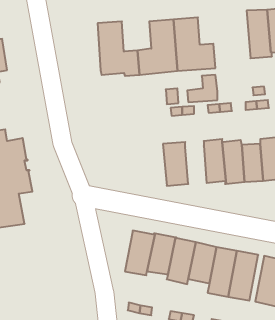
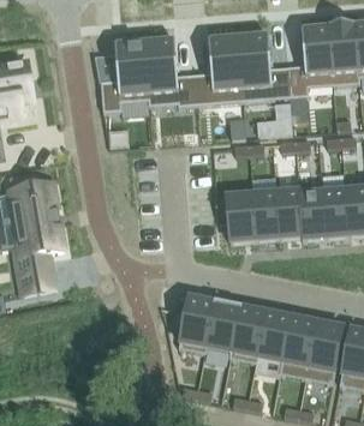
building: none -> [287,25,333,96]
building: none -> [100,41,149,116]
building: none -> [252,192,279,239]

